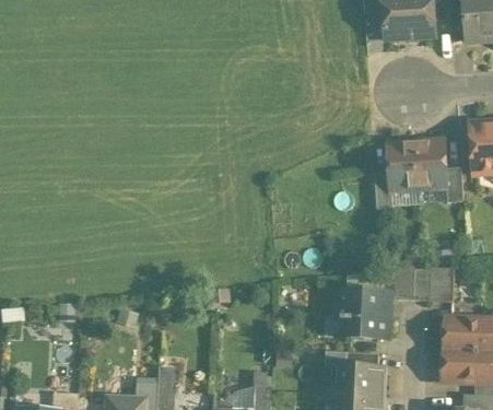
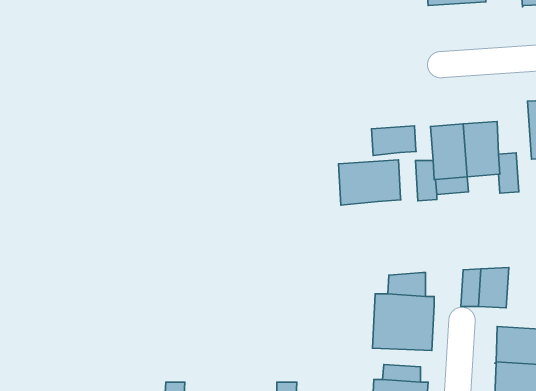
building: none -> [371,126,416,155]
building: none -> [338,160,401,205]
building: [382,269,414,301] -> none

